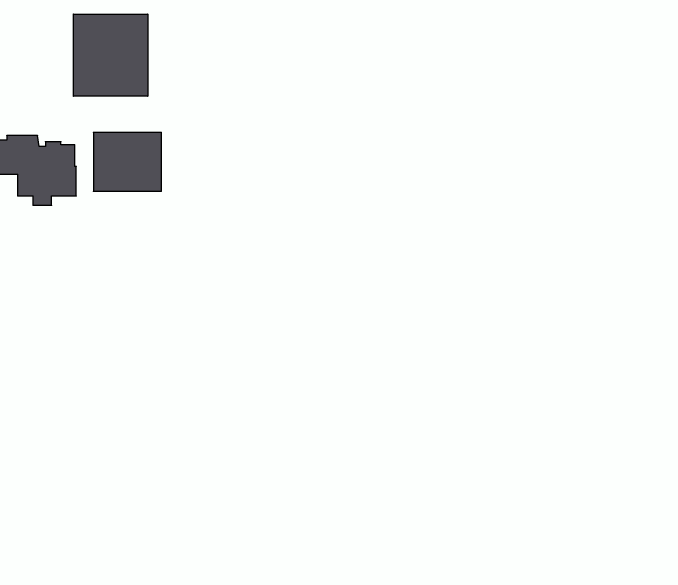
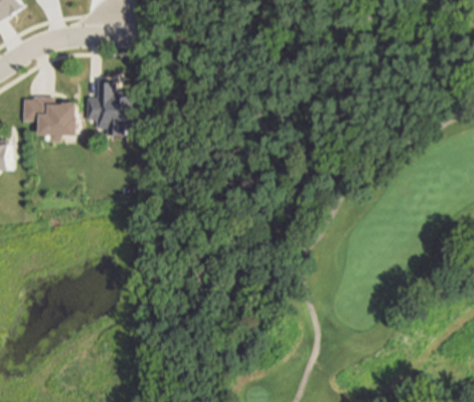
building: [73,14,148,96] -> none

